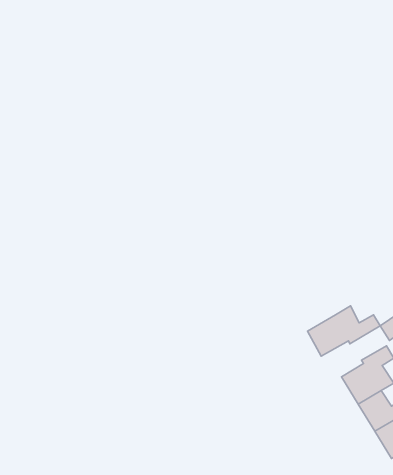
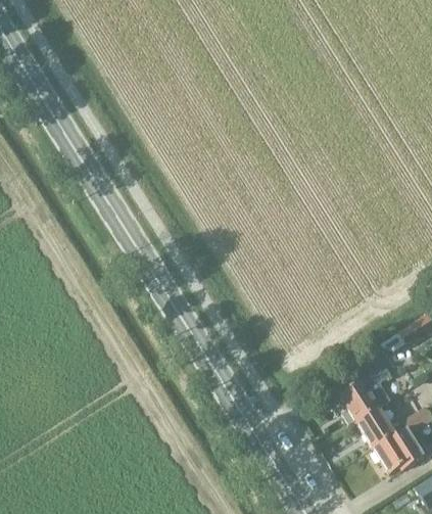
building: [308,306,380,356] -> none

